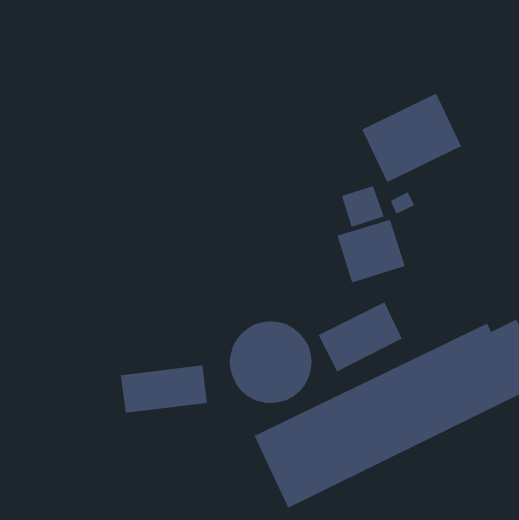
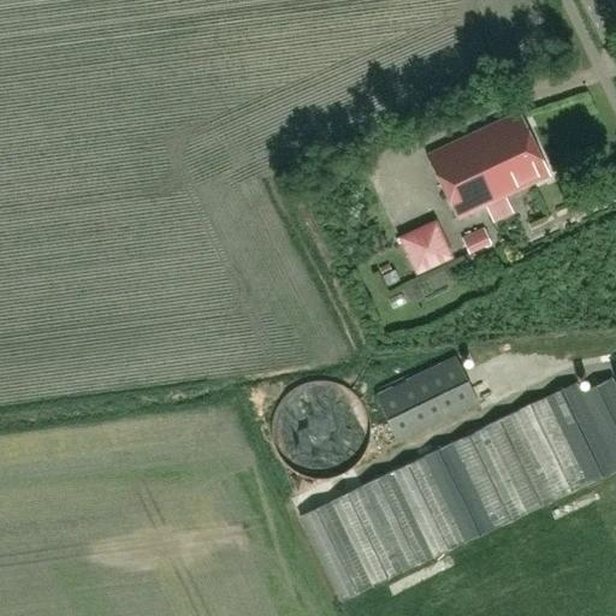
building: [337,219,406,283] -> none
building: [120,365,208,413] -> none

